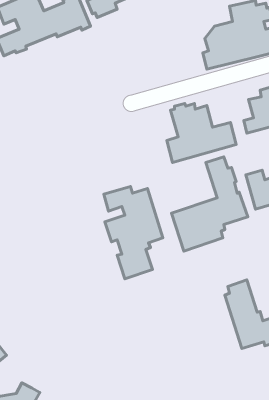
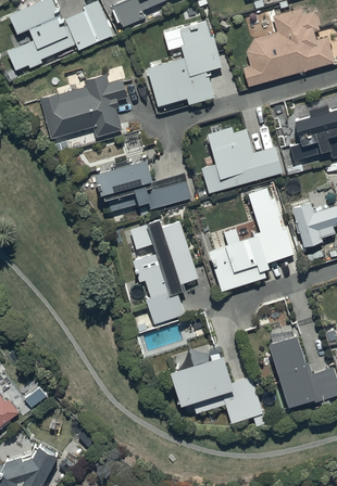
building: none -> [146,22,223,106]
building: none -> [40,75,128,140]
building: none -> [95,161,192,212]
building: none -> [170,348,266,427]

